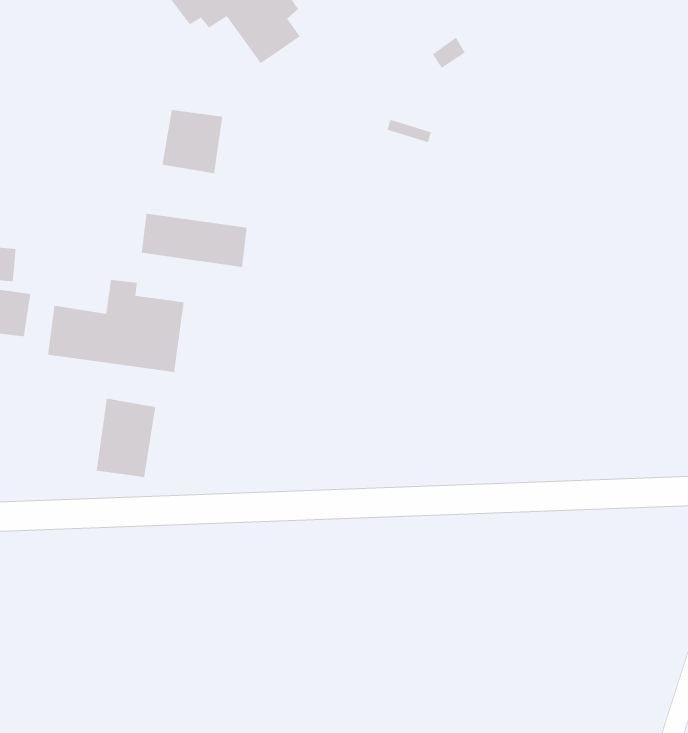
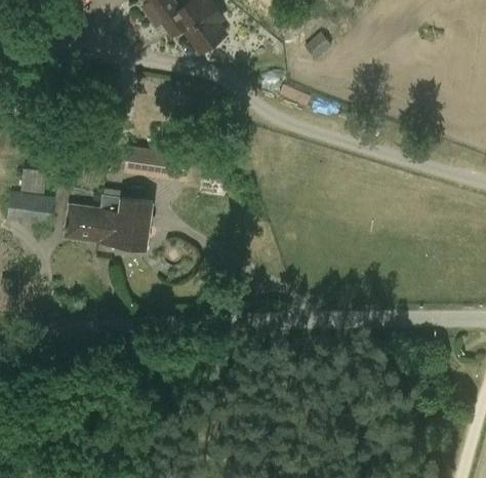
building: [161,109,223,174] -> none
building: [96,398,156,478] -> none

